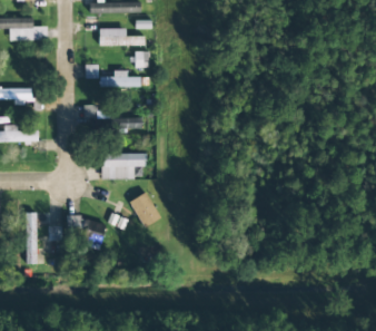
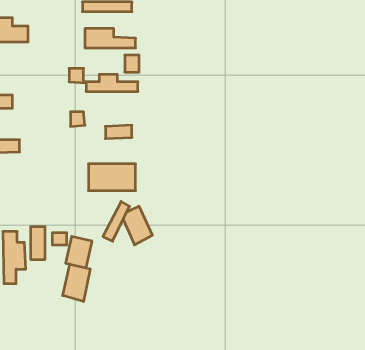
building: none -> [63,264,90,302]

